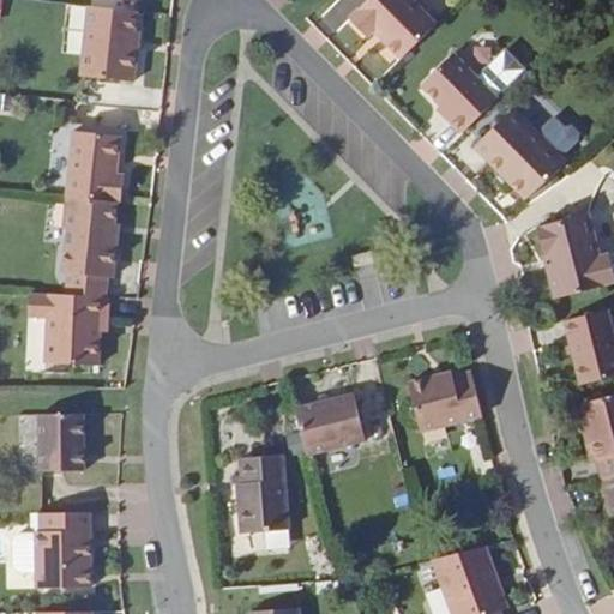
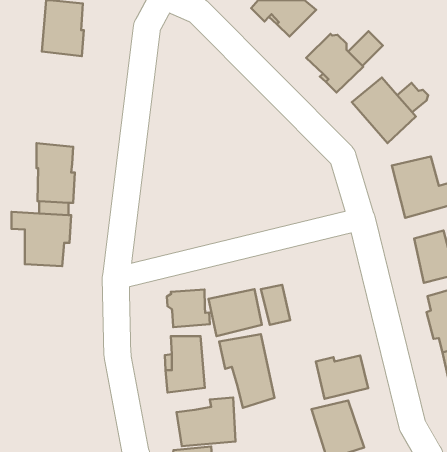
building: [60,133,114,201] -> none
building: [409,366,480,425] -> [316,355,368,399]
building: none -> [167,289,210,327]
building: [42,416,90,476] -> none
building: none -> [219,334,275,408]
building: [17,514,92,592] -> none
building: none -> [176,398,236,446]

